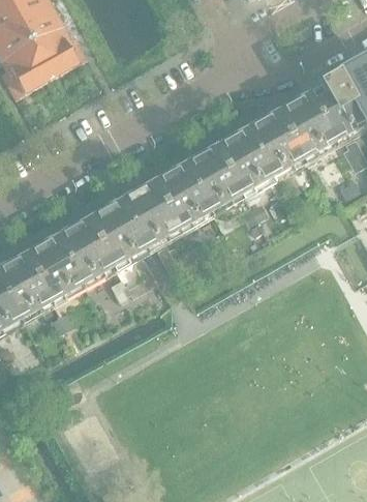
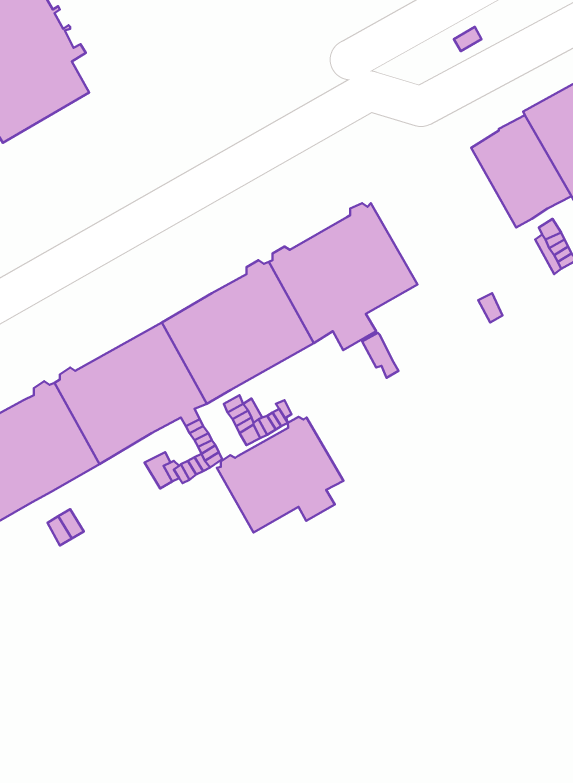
building: [244,92,331,176] -> none
building: none -> [217,417,344,533]

